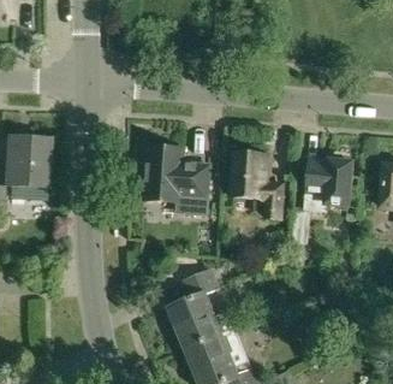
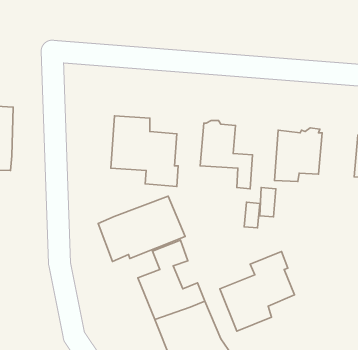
building: none -> [98,196,185,262]
building: none -> [220,251,295,331]

